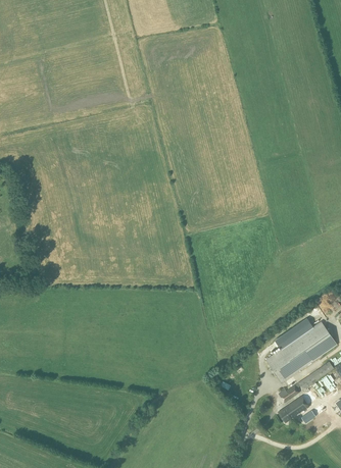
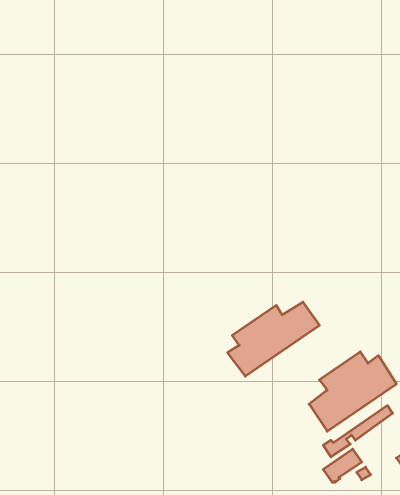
building: none -> [228,302,319,376]

